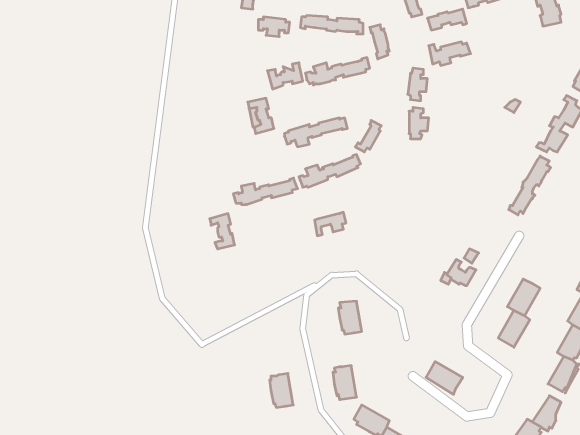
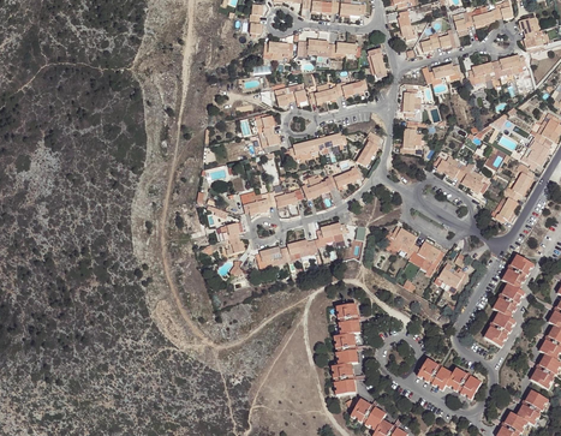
building: none -> [469,56,526,84]
building: none -> [434,157,488,195]
building: none -> [388,228,440,270]
building: none -> [256,239,317,267]
building: none -> [502,253,532,287]
building: none -> [447,366,482,396]
building: [270,373,293,407] -> [336,332,358,363]

